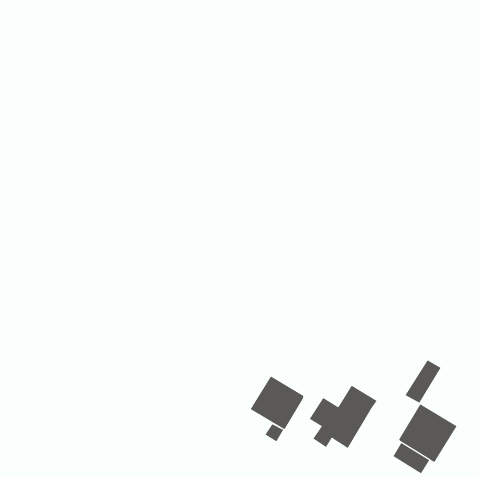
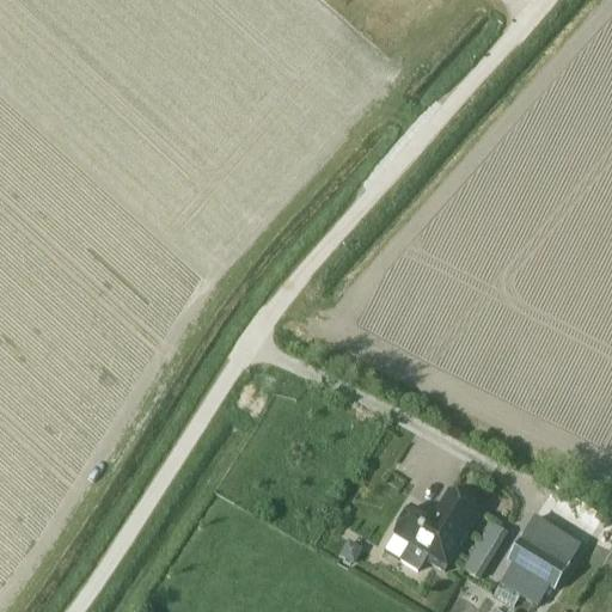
building: [405,359,441,404] -> [460,520,507,576]
building: [250,375,304,430] -> none

